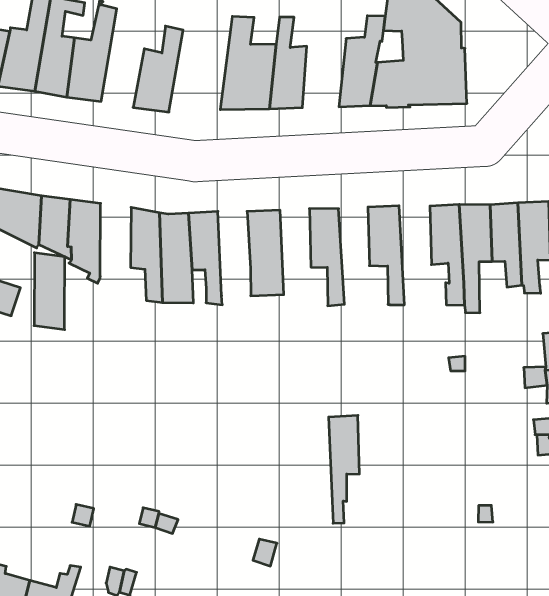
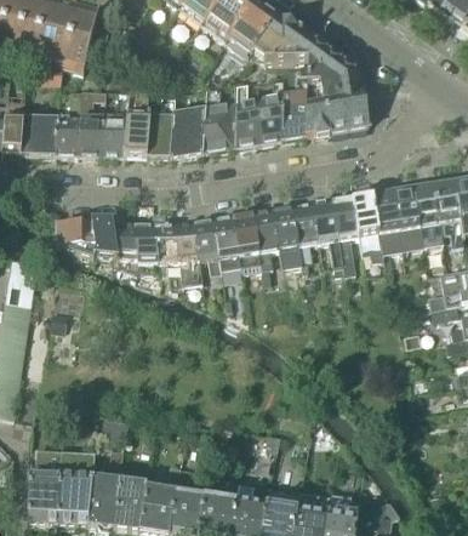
building: none -> [125,91,150,155]
building: none -> [257,76,284,141]
building: none -> [171,93,205,155]
building: none -> [332,195,359,272]
building: none -> [292,201,318,268]
building: none -> [212,215,241,273]
building: [34,253,65,330] -> [133,222,160,270]
building: [329,415,359,523] -> [253,207,279,281]

